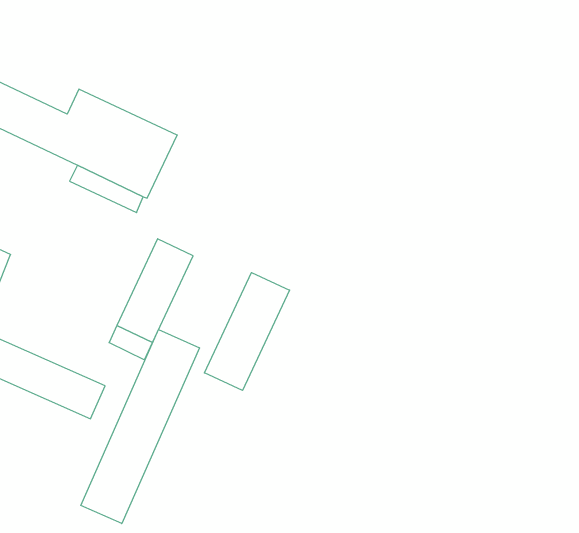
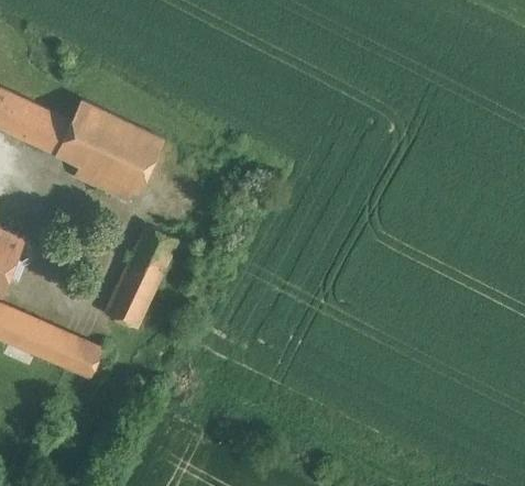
building: [204,273,290,390] -> none
building: [81,329,199,524] -> none

